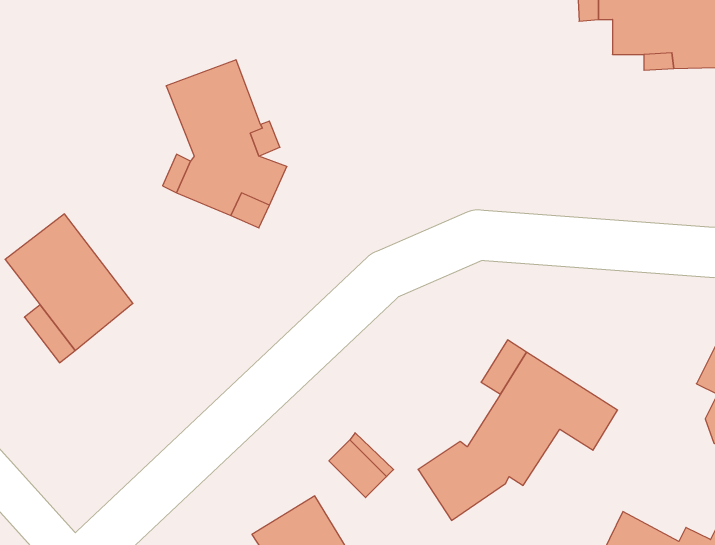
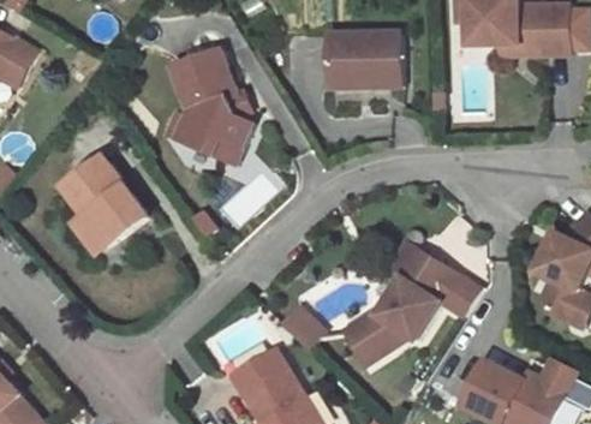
building: none -> [327,31,401,88]

